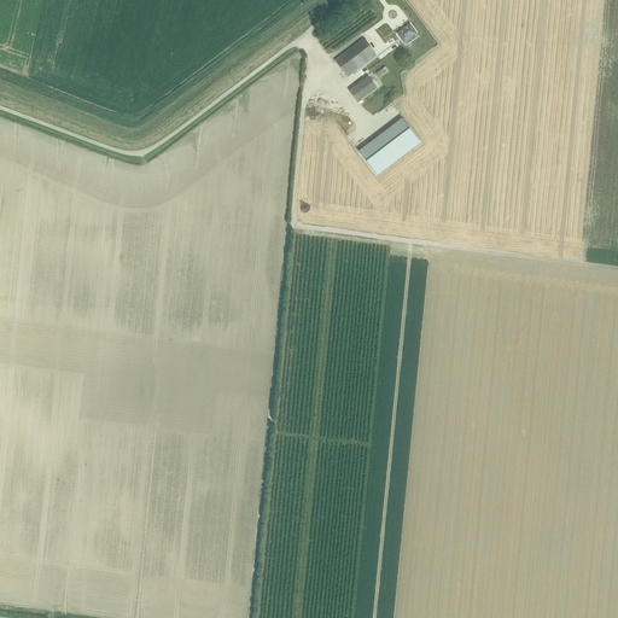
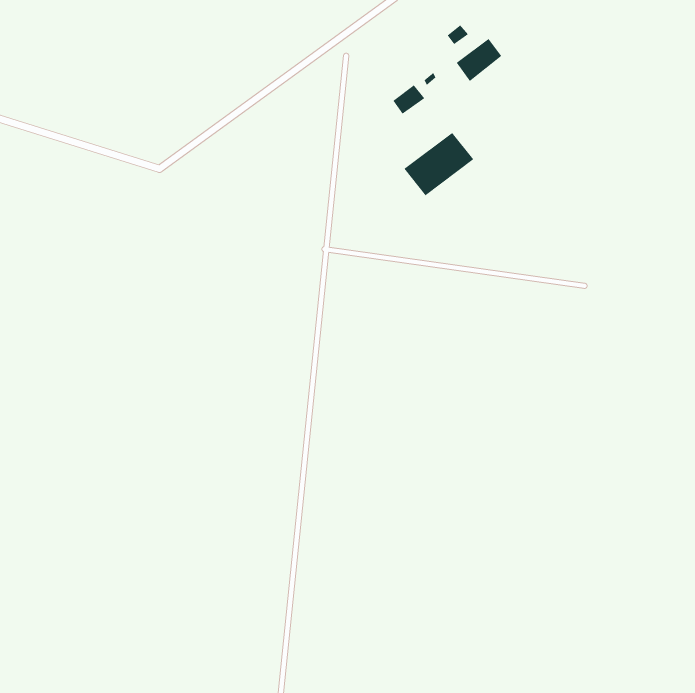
building: [334,37,375,76] -> [456,38,502,82]

